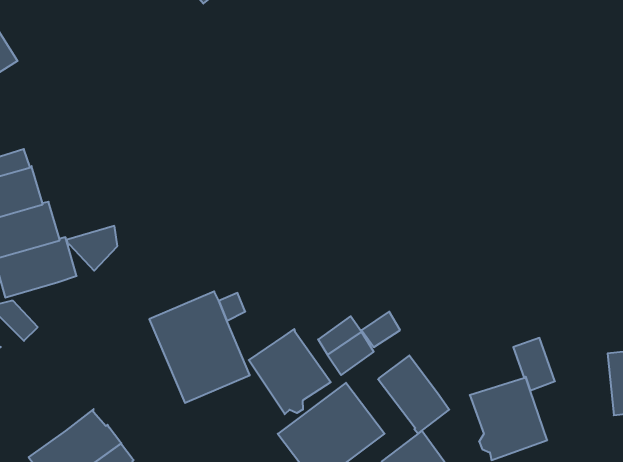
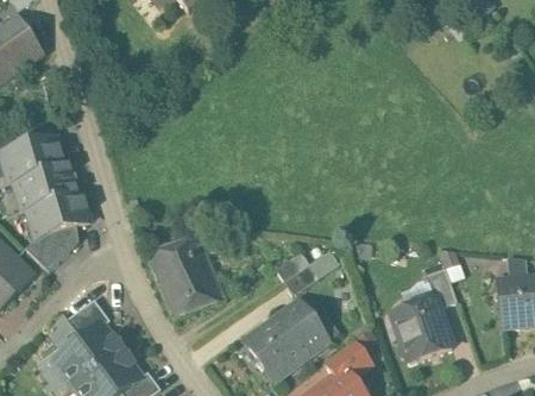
building: [66,226,117,271] -> [39,225,78,259]
building: [249,329,331,414] -> none
building: [378,355,449,434] -> none
building: none -> [67,297,111,339]

